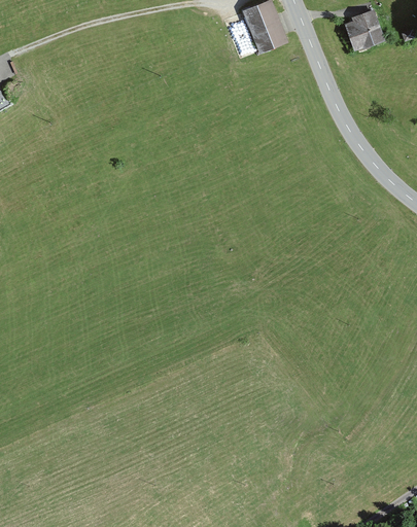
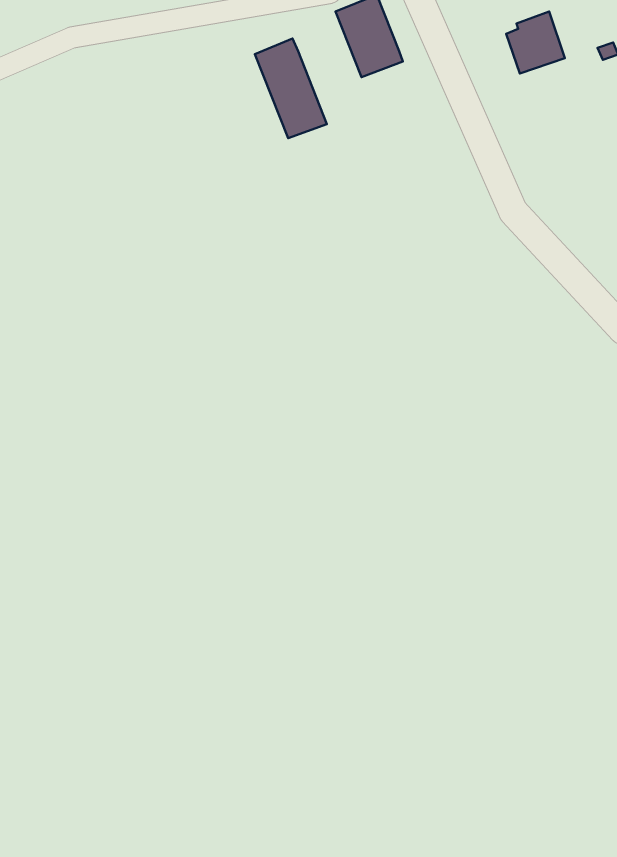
building: none -> [255,38,327,138]

